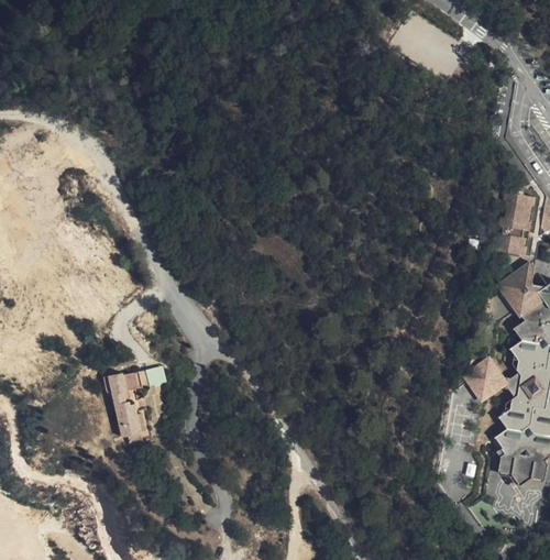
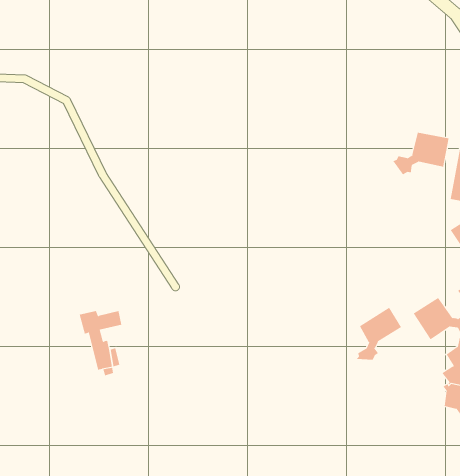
building: none -> [392,132,449,175]
building: none -> [356,307,402,360]

